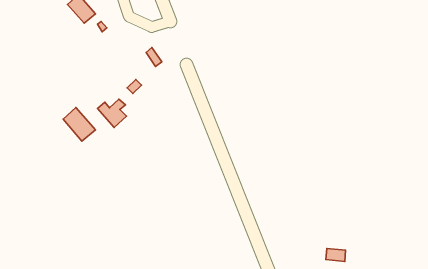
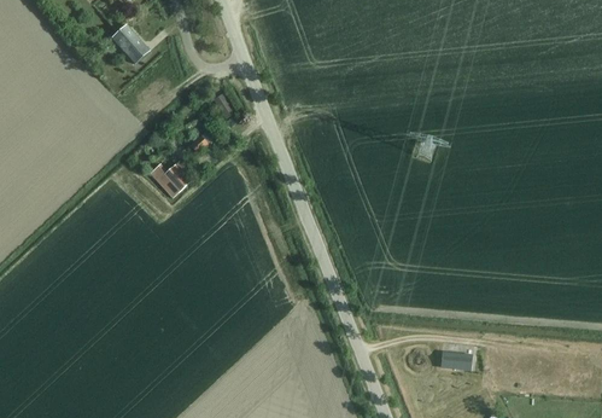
building: [63,108,96,141] -> none

